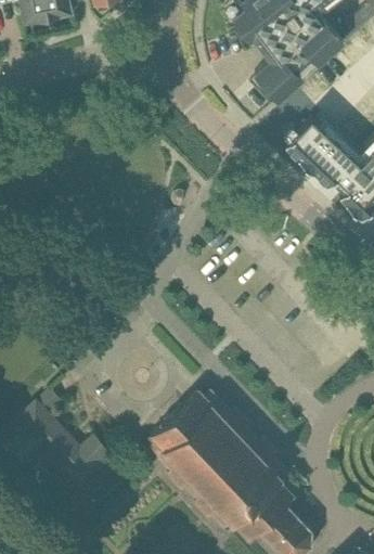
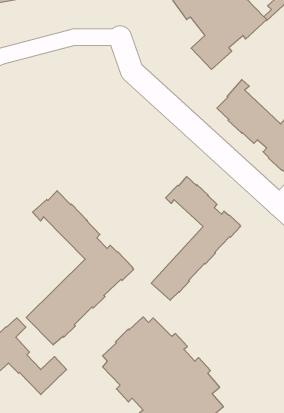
building: none -> [151,177,241,300]
building: none -> [26,191,134,345]

